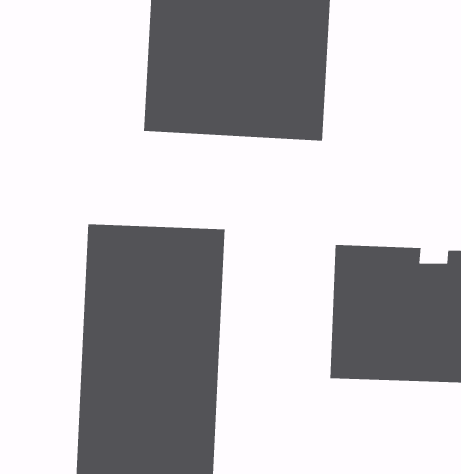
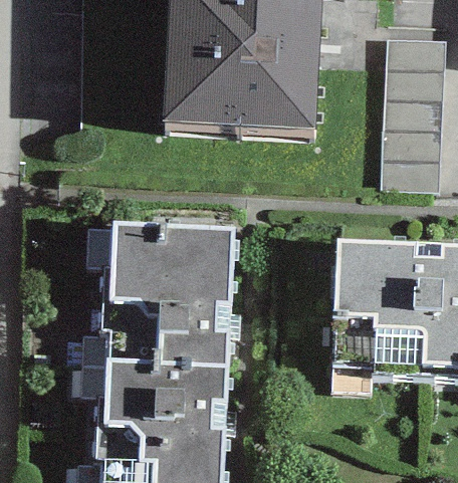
building: none -> [380,35,445,187]

